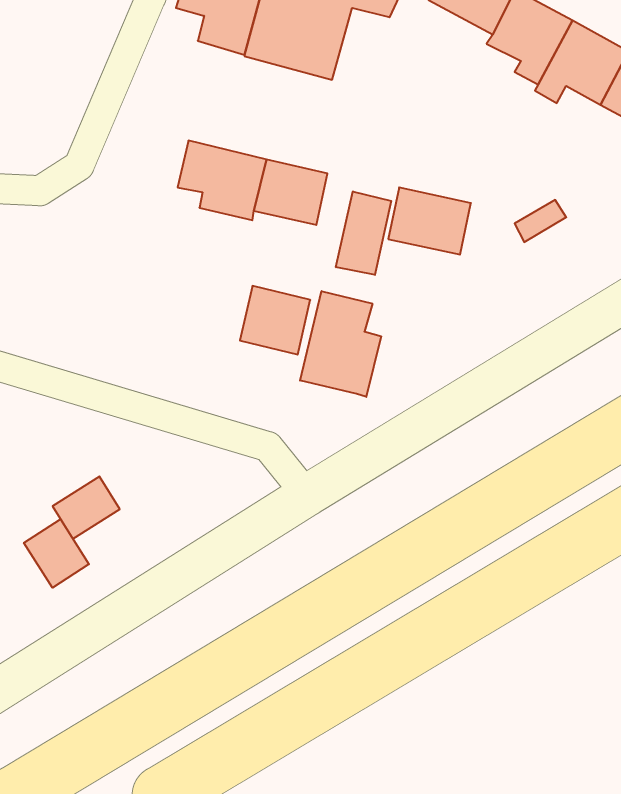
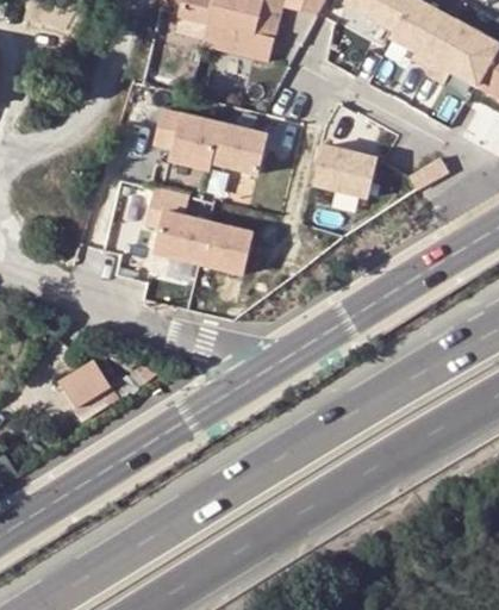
building: [336,191,391,275] -> none
building: none -> [152,208,208,261]
building: [300,291,381,397] -> none
building: [24,519,89,588] -> none

